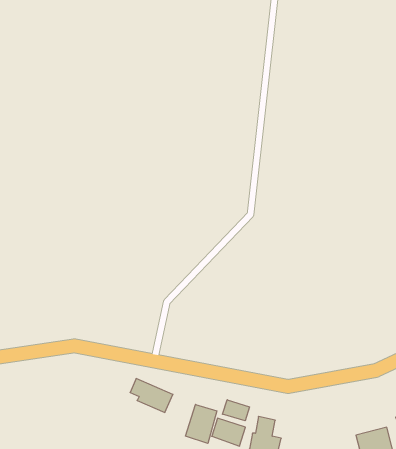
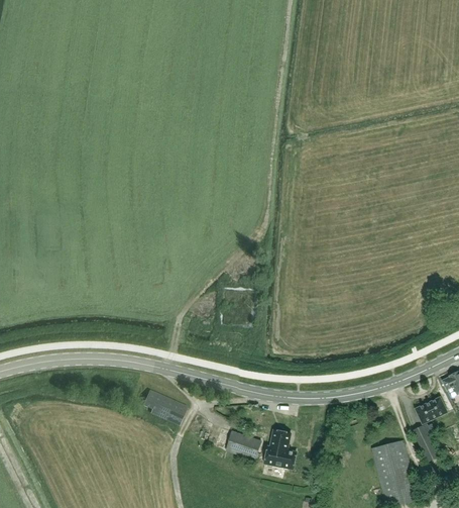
building: [222,400,249,421] -> none
building: [185,404,217,443] -> none

